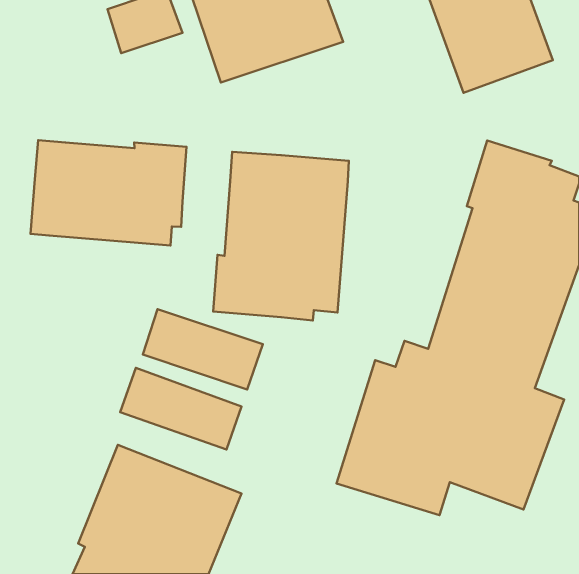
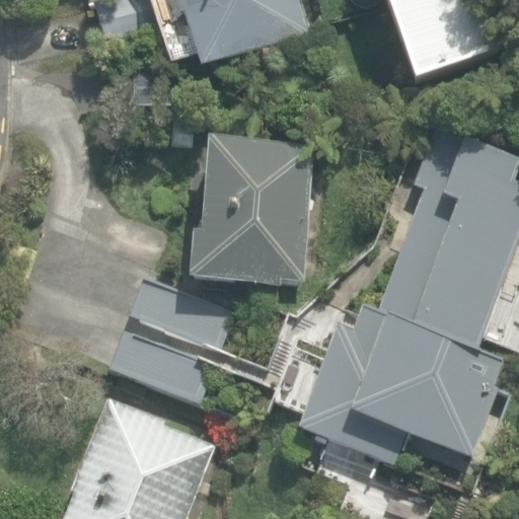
building: [31,140,187,246] -> none

